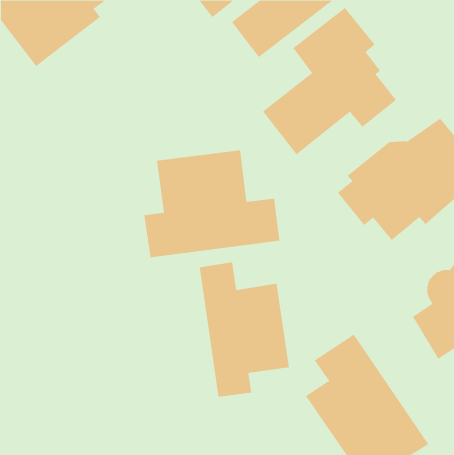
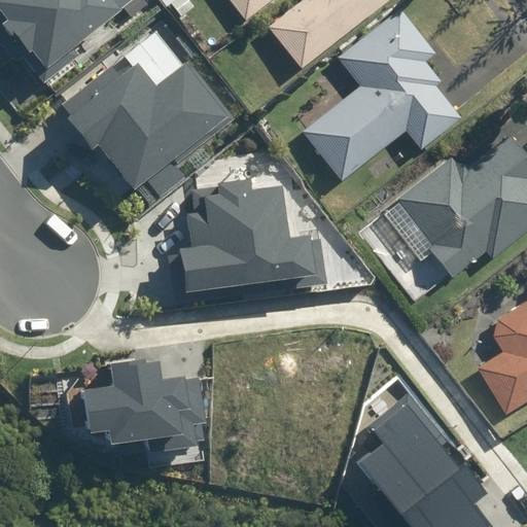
building: none -> [64,35,224,185]
building: [199,262,290,397] -> none
building: none -> [78,353,204,454]

